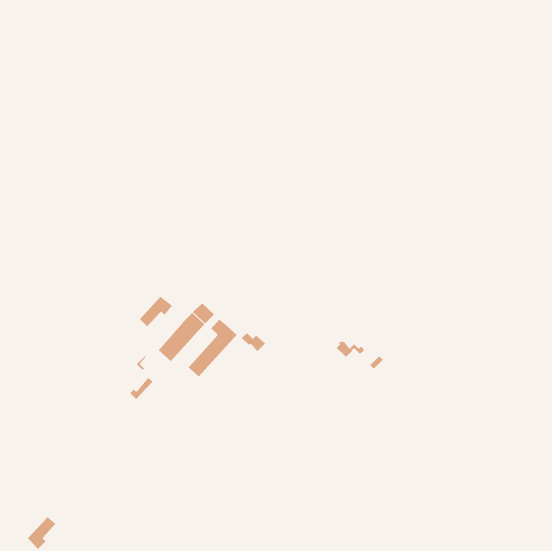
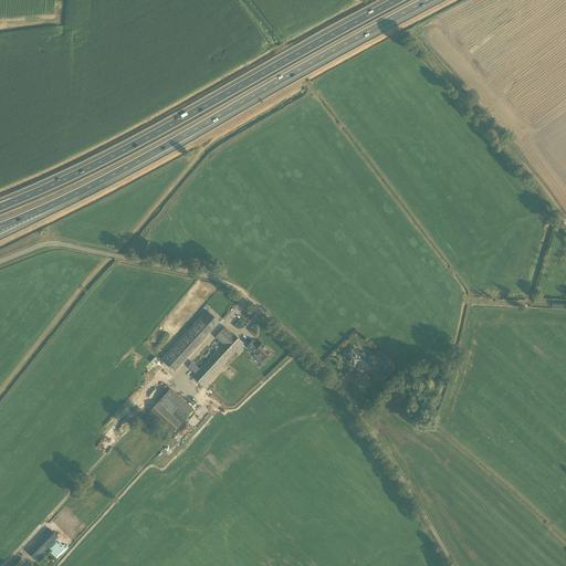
building: [139,296,173,327] -> none
building: none -> [146,387,193,436]

